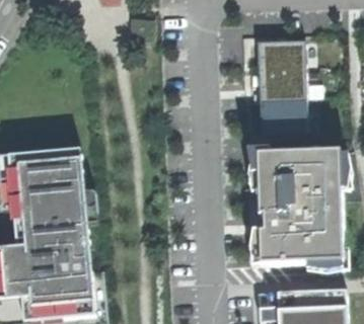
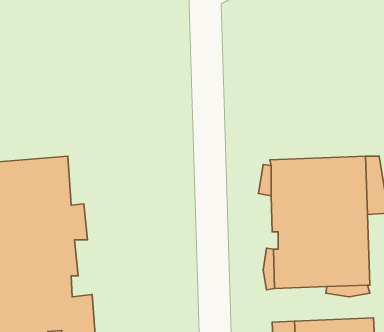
building: [258,40,307,136] -> none

